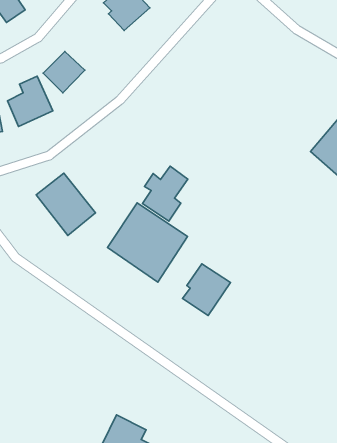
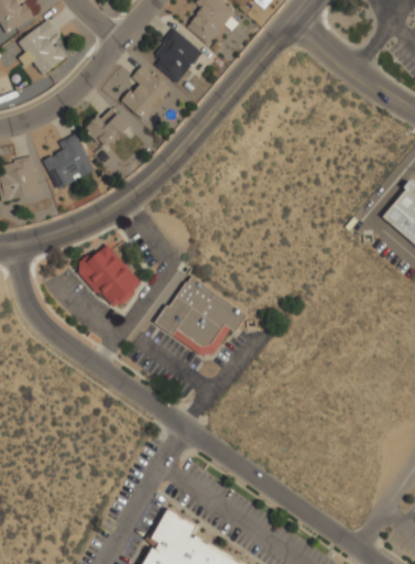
building: none -> [122,65,171,121]
building: [142,166,188,221] -> none
building: [183,264,231,316] -> none

